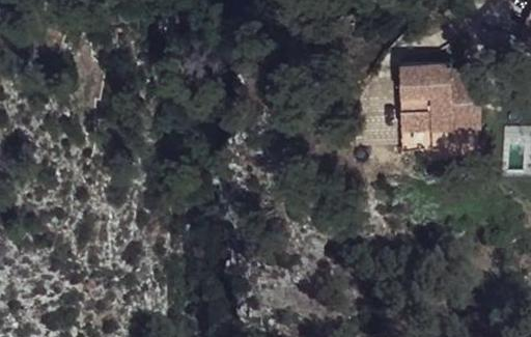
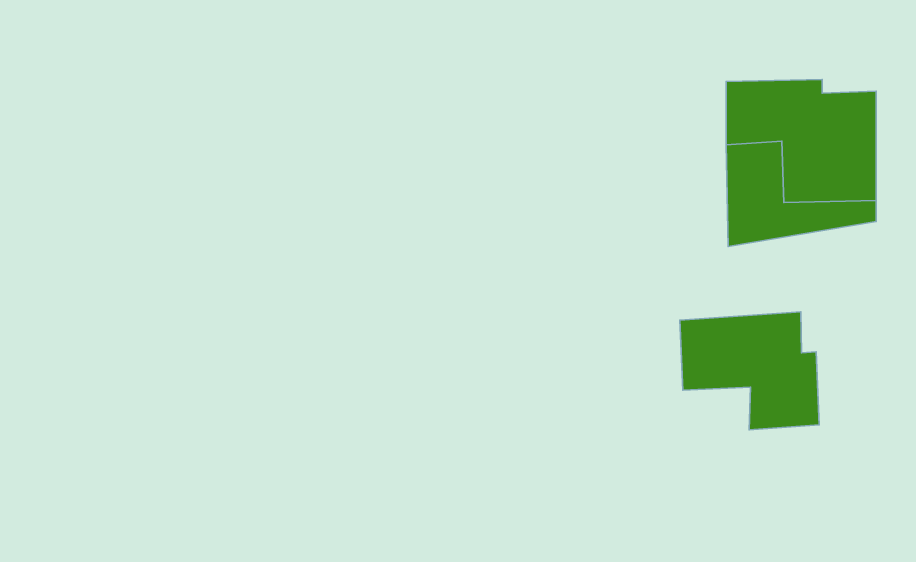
building: none -> [680,312,819,430]

